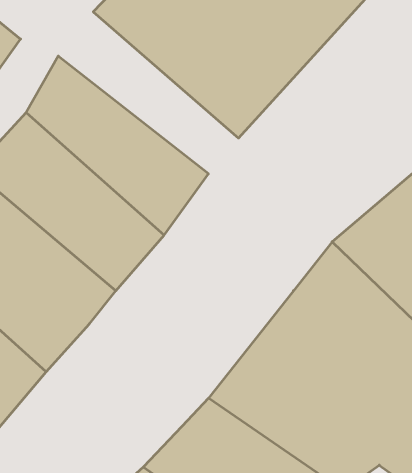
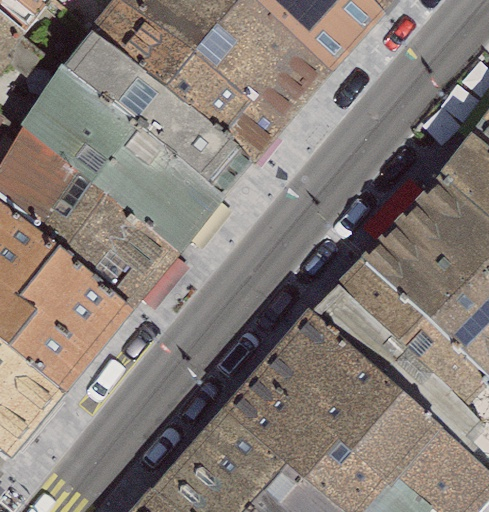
building: none -> [64,18,255,190]

